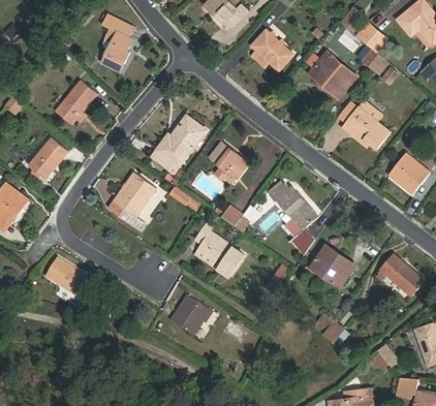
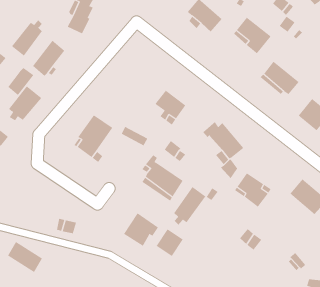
building: none -> [11,19,43,56]
building: none -> [8,67,34,96]
building: [152,117,204,173] -> none
building: [45,258,90,298] -> [7,241,43,273]
building: none -> [174,186,206,226]
building: none -> [156,229,183,257]

